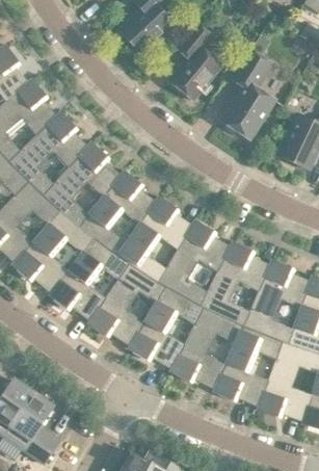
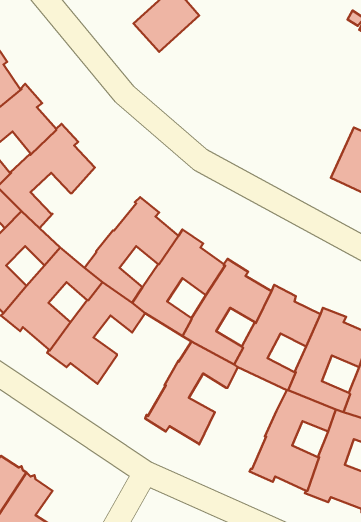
building: [169,22,223,100] -> none
building: [222,49,275,138] -> none
building: [44,141,122,227] -> none
building: [88,263,166,346] -> none
building: [170,307,243,389] -> none

